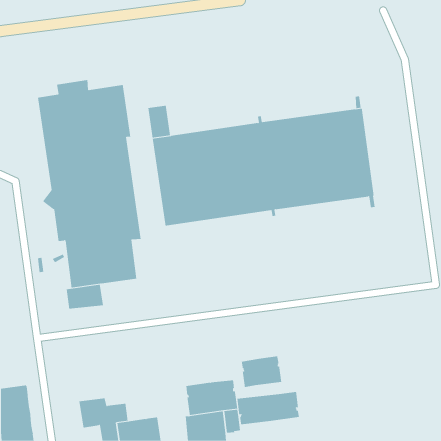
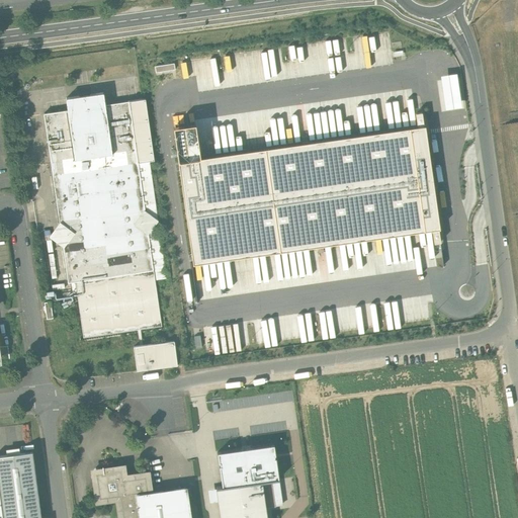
building: [66,284,104,309] -> [134,341,178,370]
building: [241,355,282,388] -> none
building: [237,391,299,425] -> none

